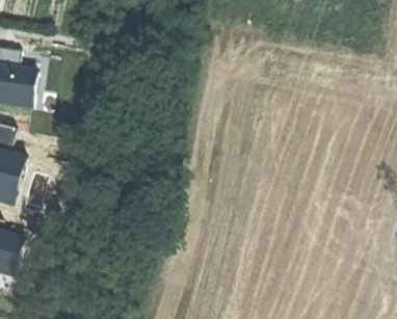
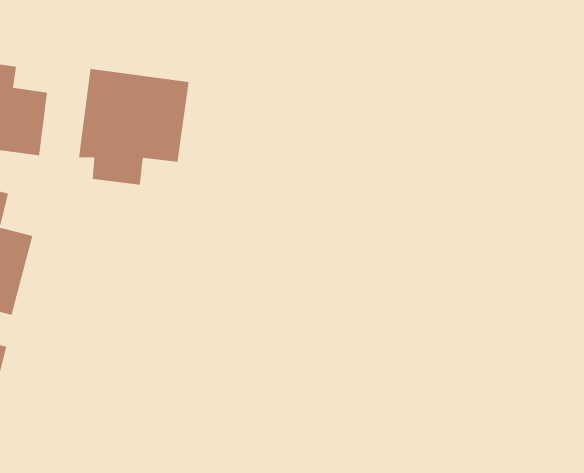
building: none -> [79,68,189,186]

